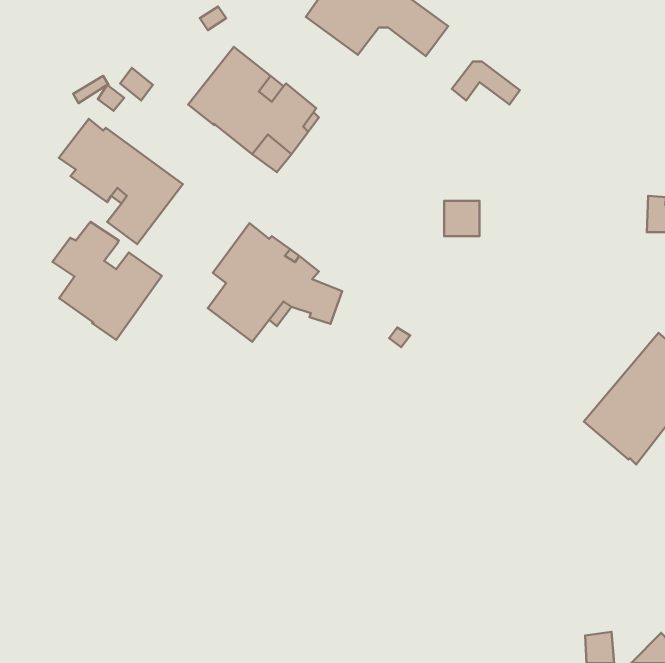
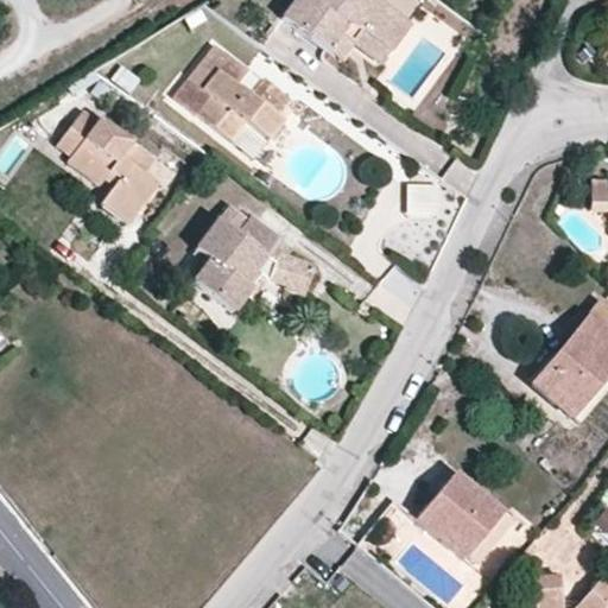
building: [452,61,520,105] -> [328,25,390,64]
building: [52,222,162,340] -> none
building: none -> [416,471,513,566]

